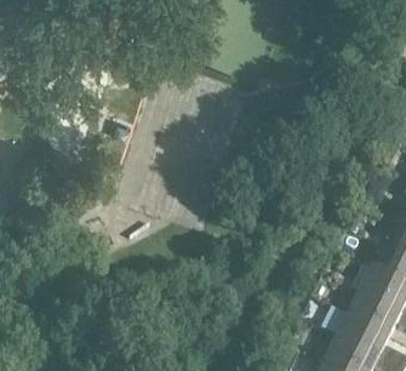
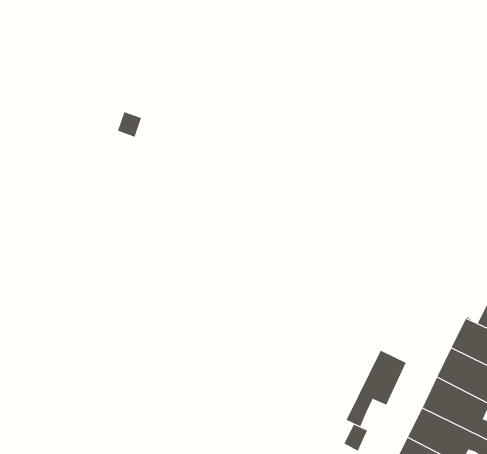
building: none -> [346,350,406,427]

